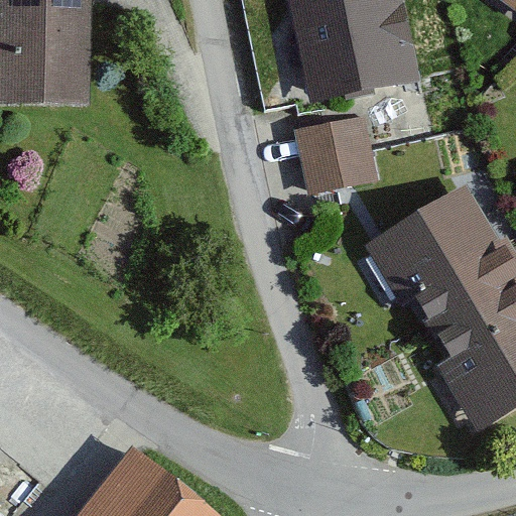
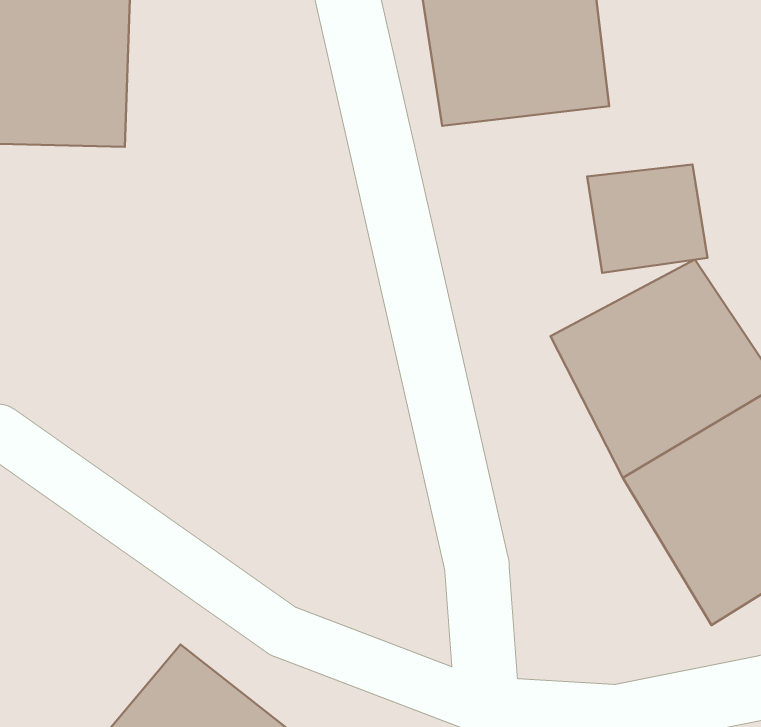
building: [293,118,374,190] -> [587,165,708,273]

